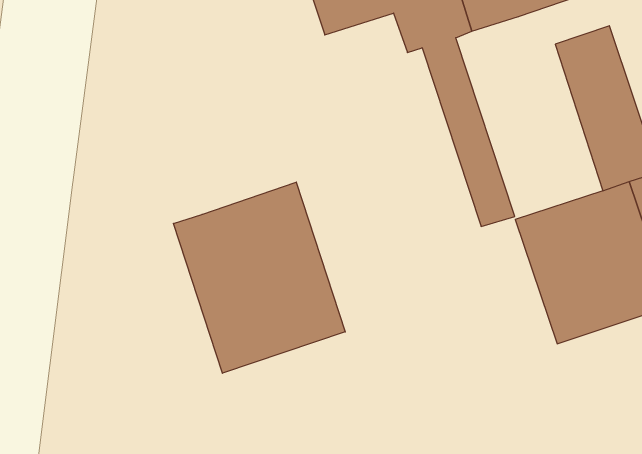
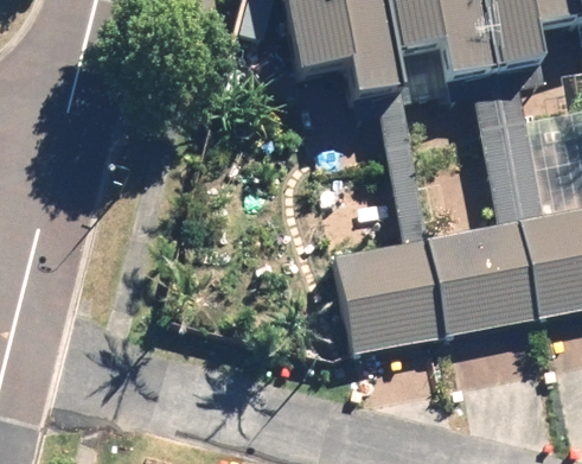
building: [173,182,345,373] -> none
building: none -> [333,235,453,356]

